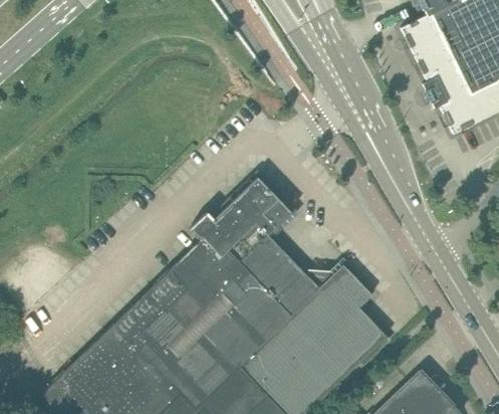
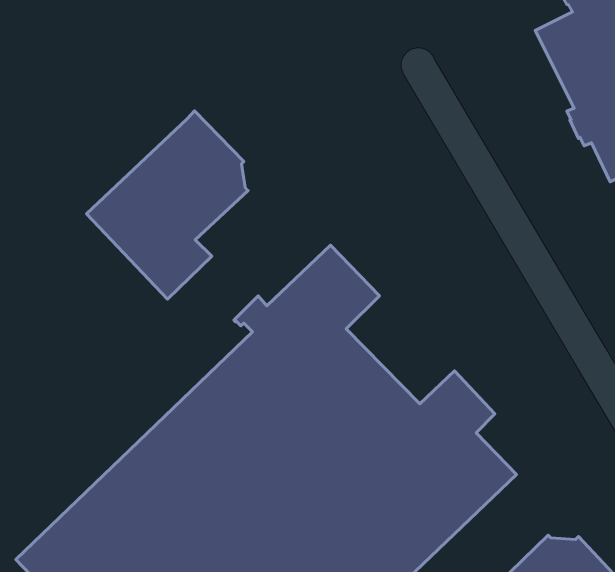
building: none -> [87,111,248,299]

